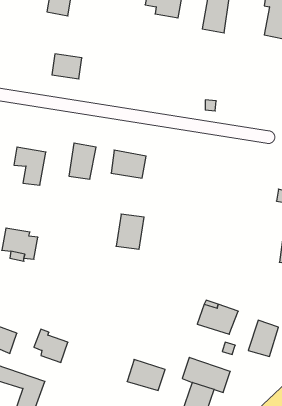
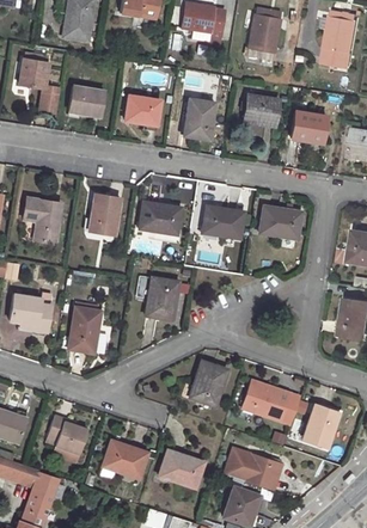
building: none -> [18,59,60,112]
building: none -> [244,94,277,125]
building: none -> [124,96,161,125]
building: none -> [183,98,214,140]
building: none -> [290,111,326,143]
building: none -> [201,205,244,238]
building: none -> [258,205,301,239]
building: none -> [67,306,100,352]
building: none -> [189,361,226,406]
building: none -> [102,441,147,478]

